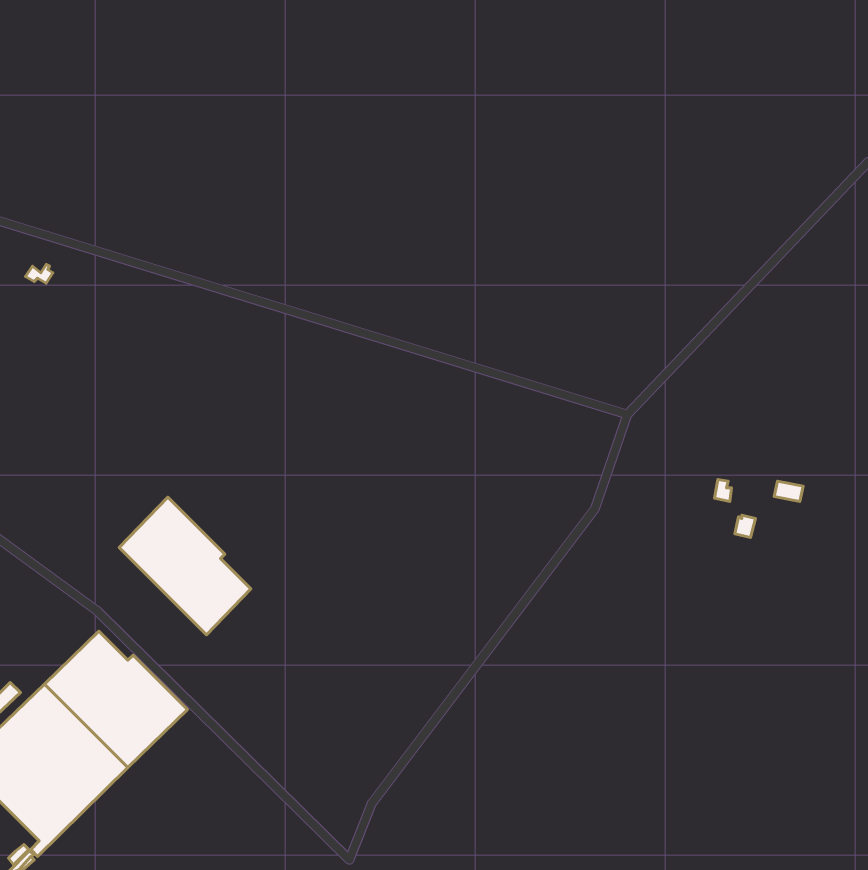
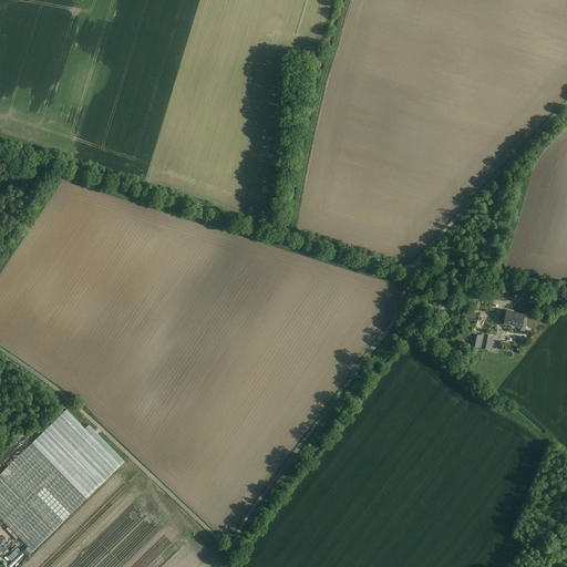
building: [119,497,251,635] -> none

